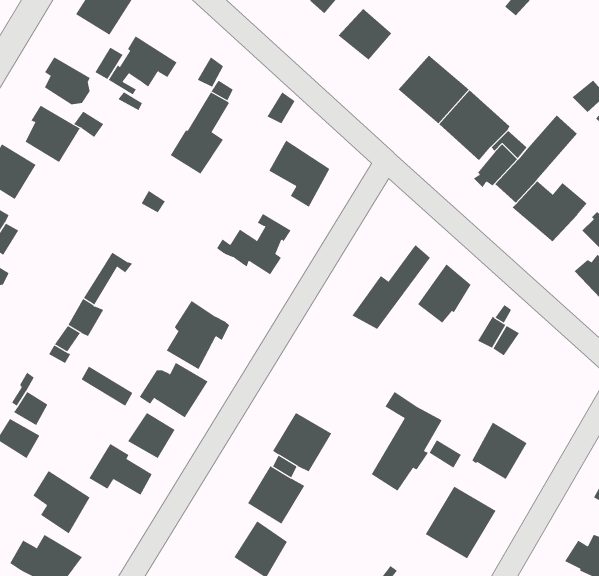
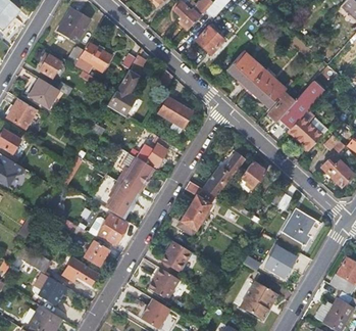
building: none -> [118,156,153,194]
building: none -> [283,208,317,245]
building: [371,391,442,492] -> [179,181,216,234]

